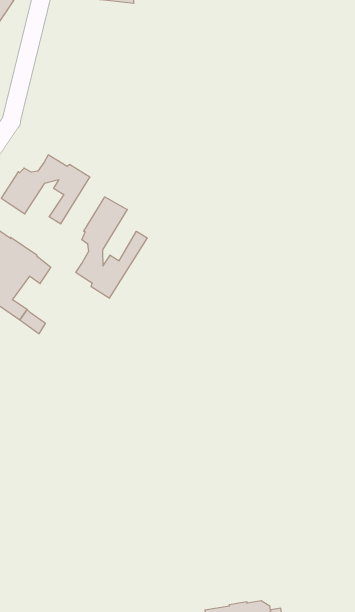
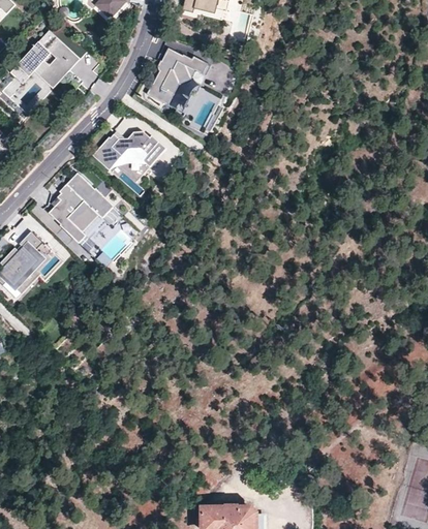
building: none -> [144,52,208,114]
building: [76,197,147,298] -> none

